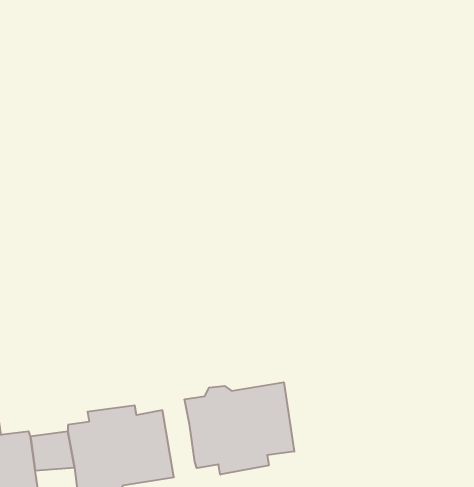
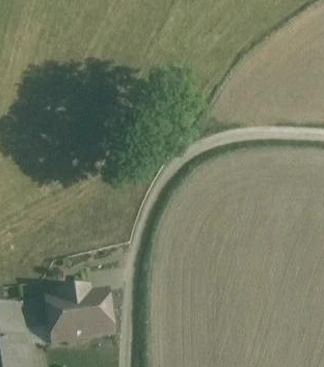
building: [185,382,294,475] -> none

